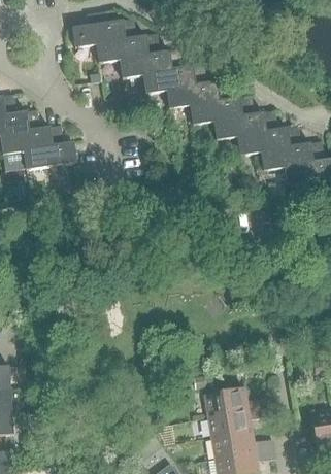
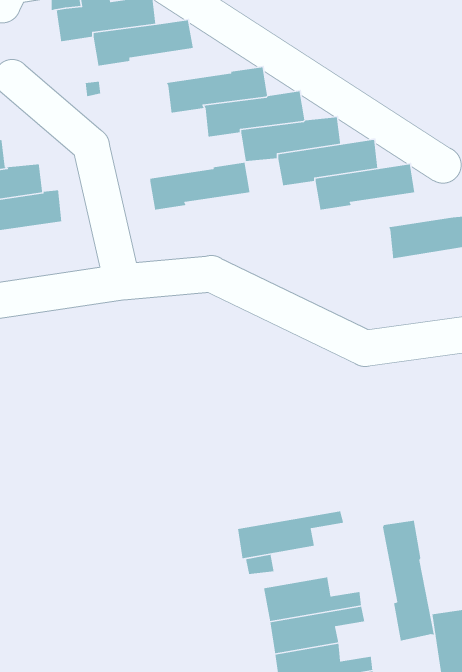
building: [119,47,183,78] -> [150,162,250,211]
building: [259,140,324,170] -> none
building: none -> [237,510,344,559]
building: none -> [382,520,435,641]

